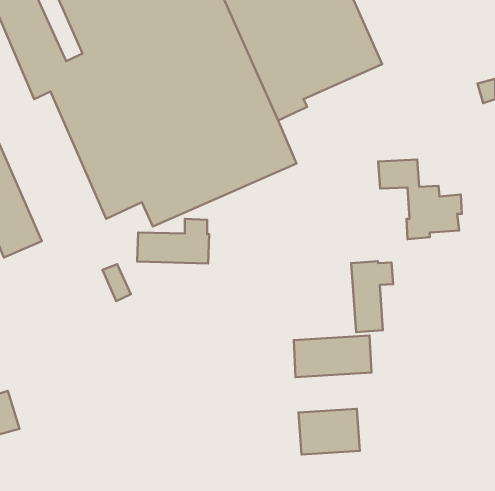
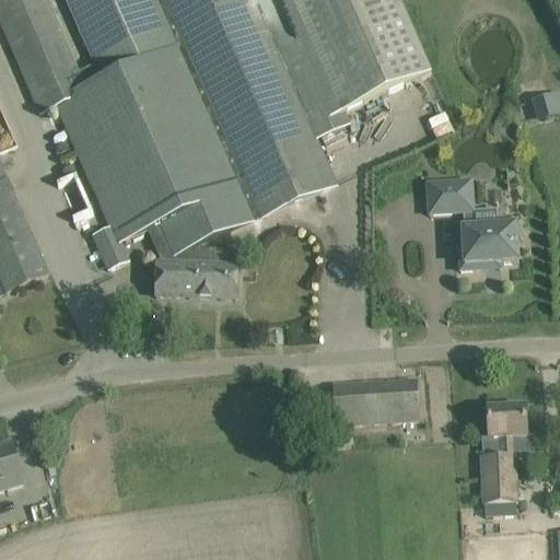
building: [351,261,393,332] -> none
building: [103,264,131,301] -> [92,226,124,268]
building: none -> [478,404,525,502]
building: [298,409,360,455] -> none

